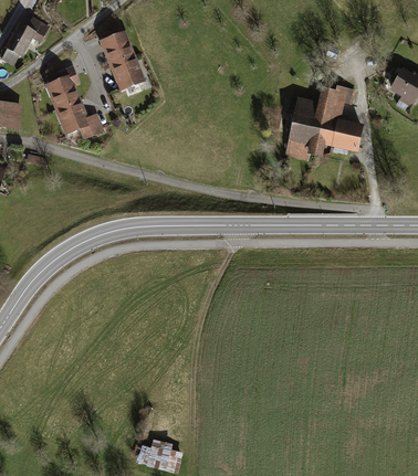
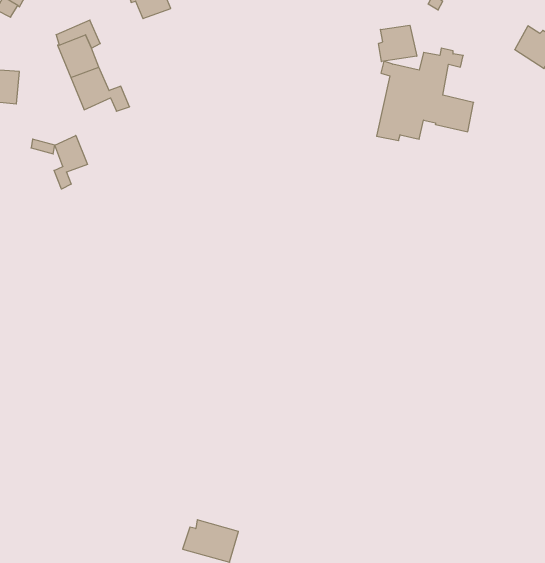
building: [107,56,143,109] -> none
building: none -> [379,25,417,62]
building: none -> [54,135,88,189]

